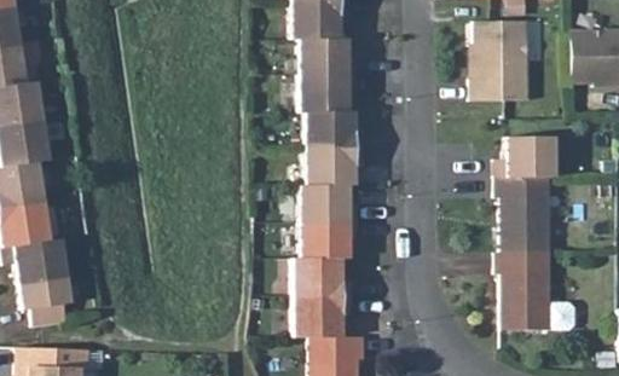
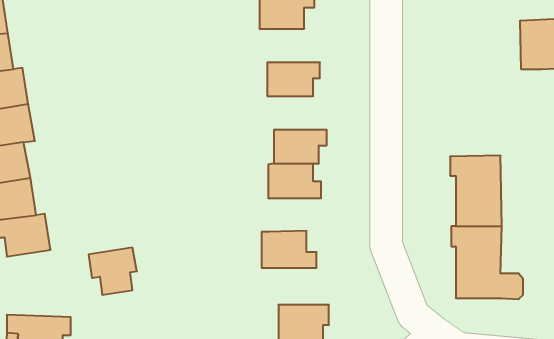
building: [472,21,528,99] -> none
building: [299,37,355,75] -> none
building: [306,111,363,147] -> none
building: [496,135,554,177] -> none
building: [300,221,357,258] -> none
building: [18,277,70,328] -> [89,248,137,295]
building: [293,296,352,336] -> none

